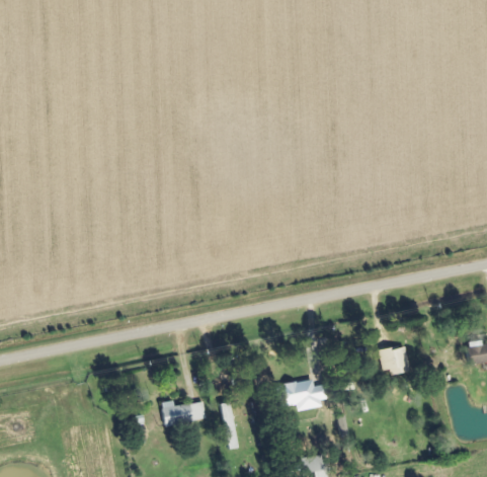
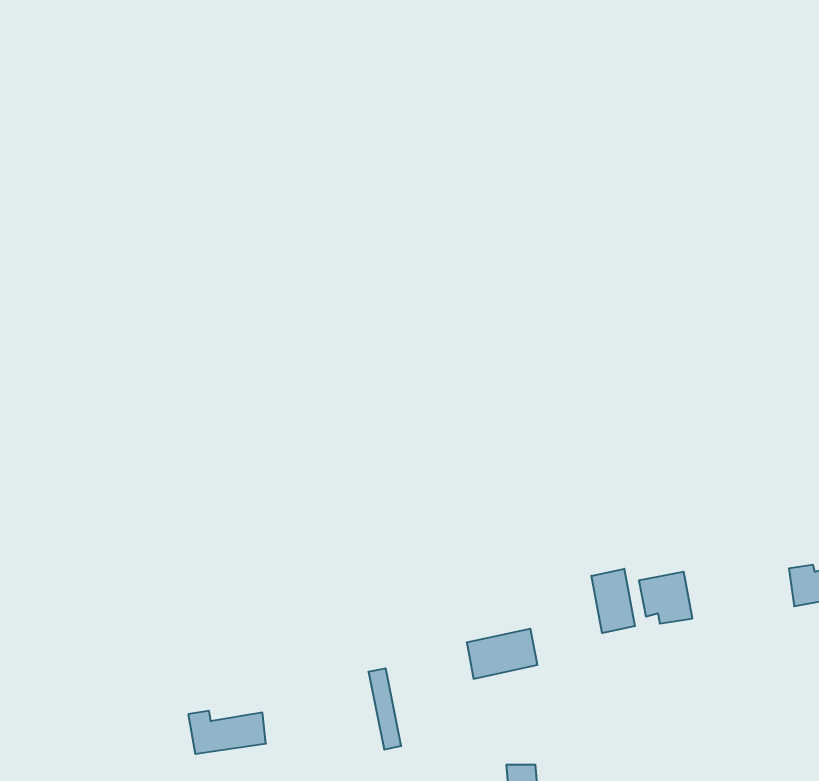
building: none -> [591,569,635,633]
building: [161,401,207,426] -> [188,711,266,754]

